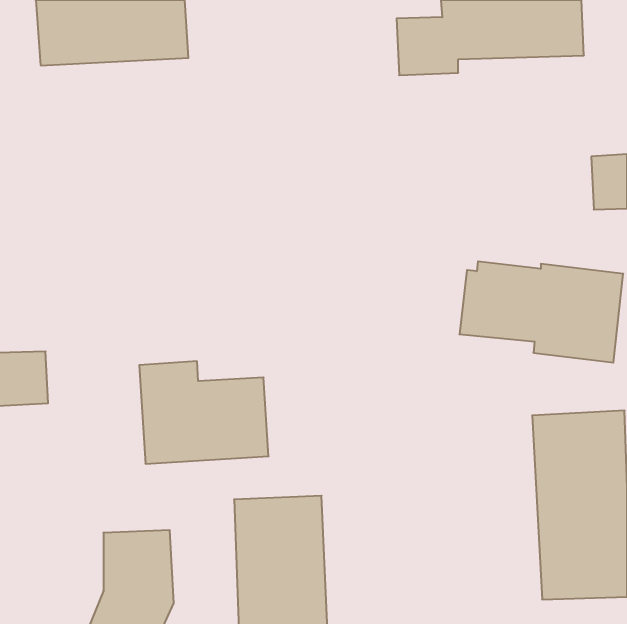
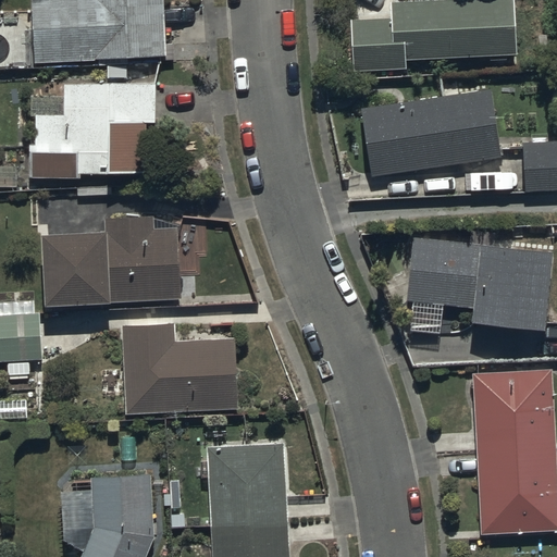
building: none -> [32,83,158,176]
building: none -> [363,91,499,175]
building: none -> [45,215,182,302]

